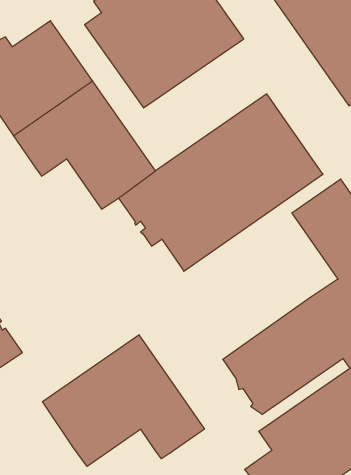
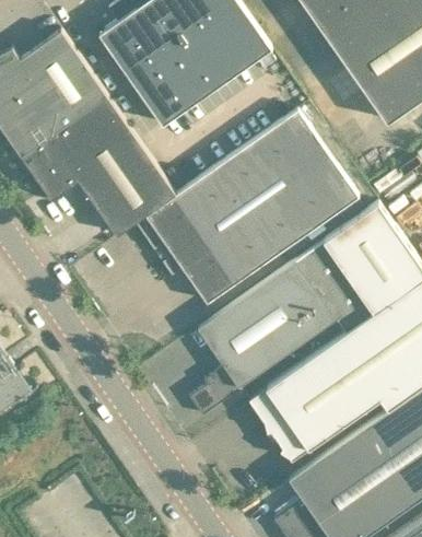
building: none -> [189,241,375,417]
building: [42,335,204,466] -> none

